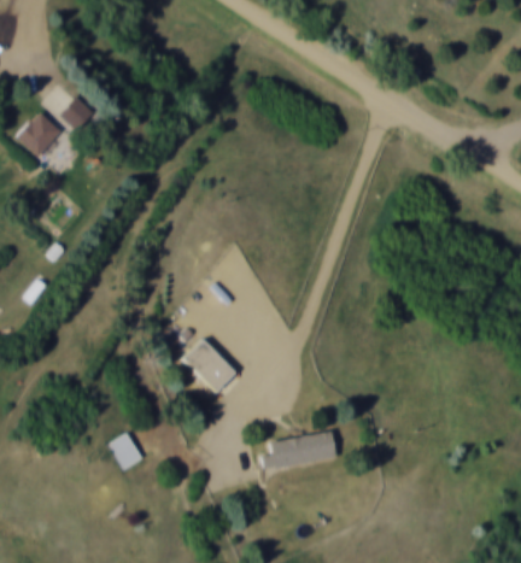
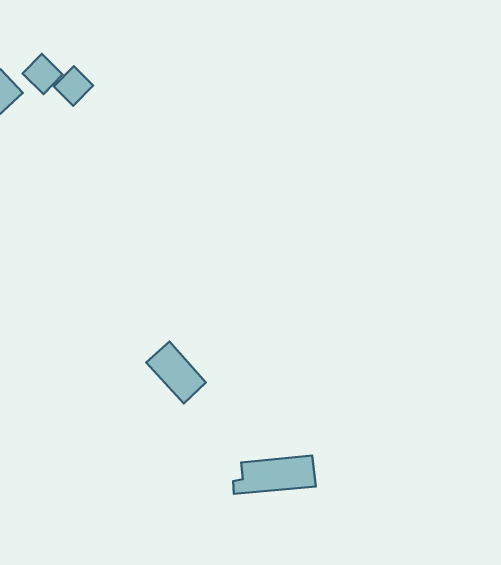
building: none -> [54,66,93,106]
building: [109,433,142,469] -> none

